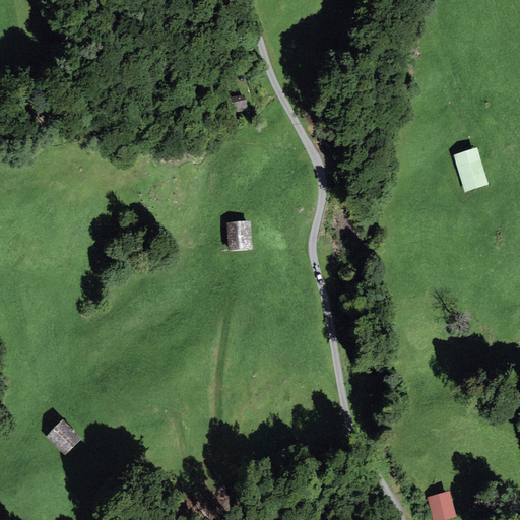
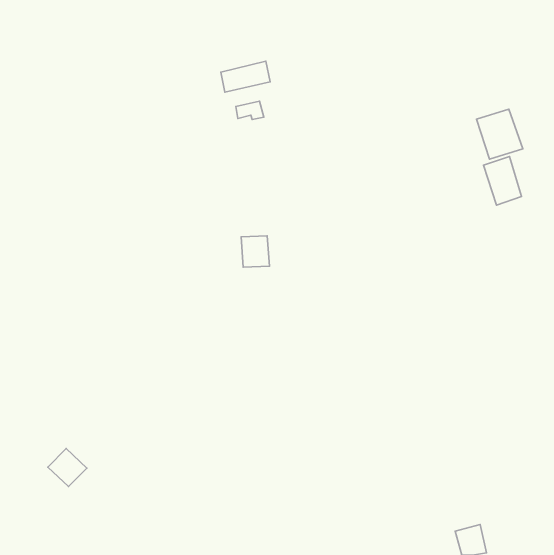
building: none -> [221,61,270,92]
building: none -> [477,109,523,159]

